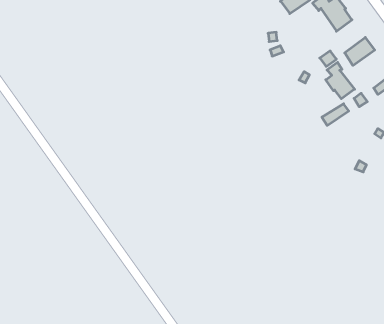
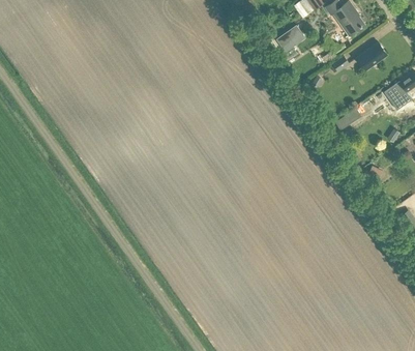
building: [326,62,355,99] -> none

